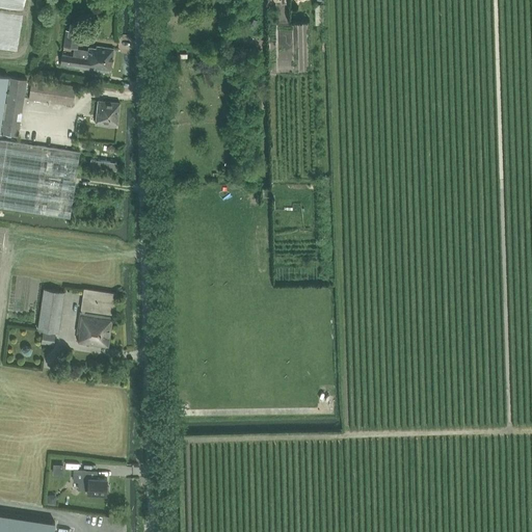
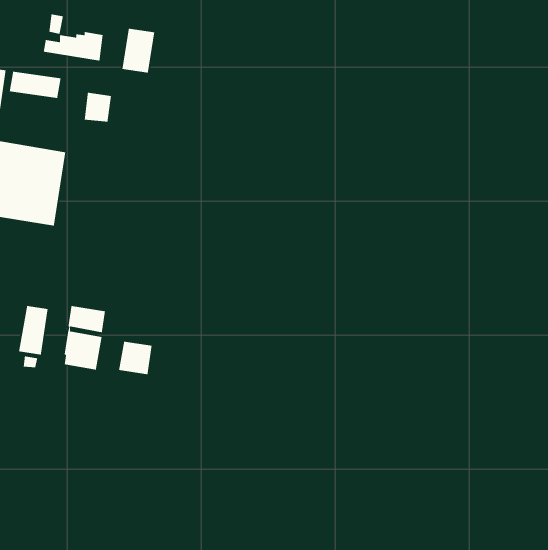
building: none -> [121,28,155,74]
building: none -> [118,341,152,375]
building: [73,470,107,495] -> none

